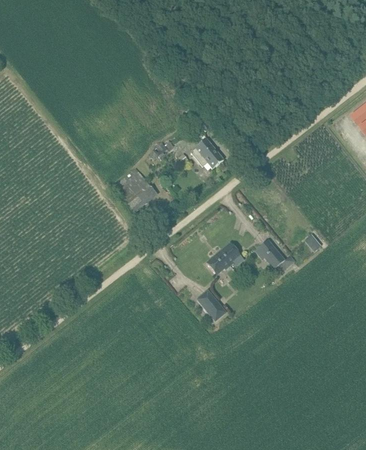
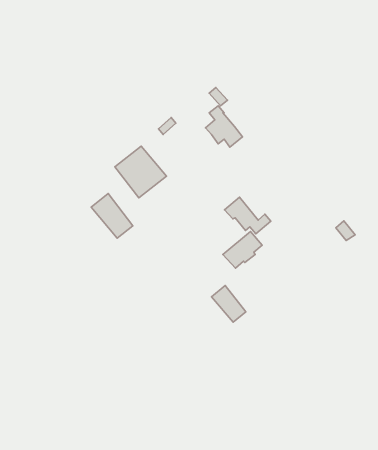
building: none -> [91,193,133,238]
building: [257,240,297,272] -> [225,197,271,234]

